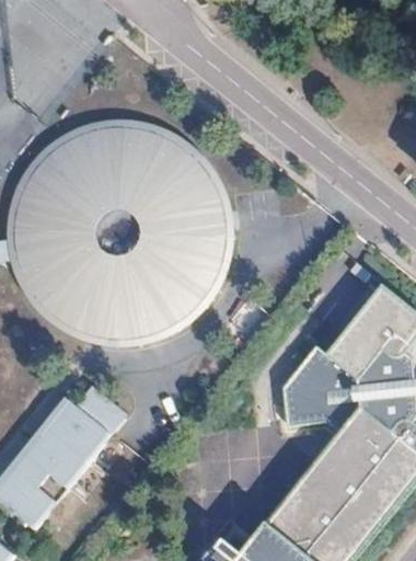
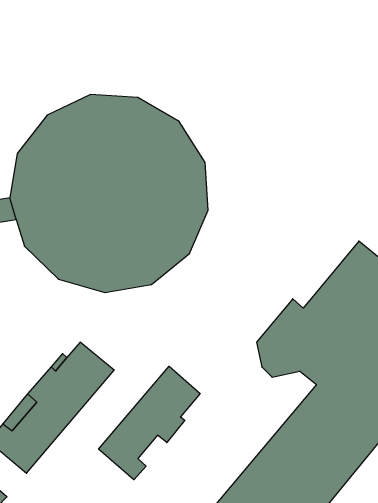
building: none -> [99,366,200,480]

